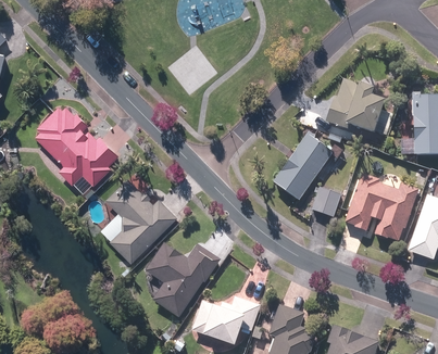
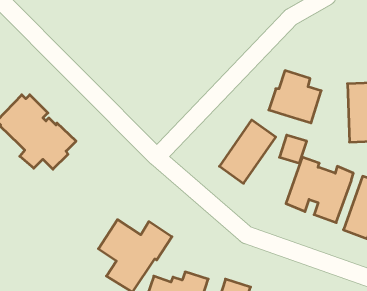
building: [105,177,177,263] -> none
building: [311,187,340,217] -> [279,135,307,163]

